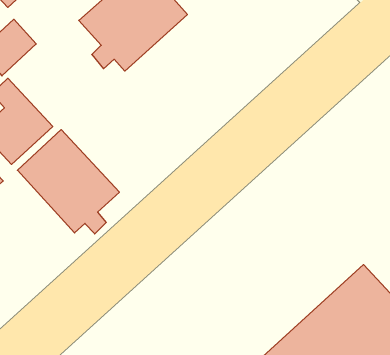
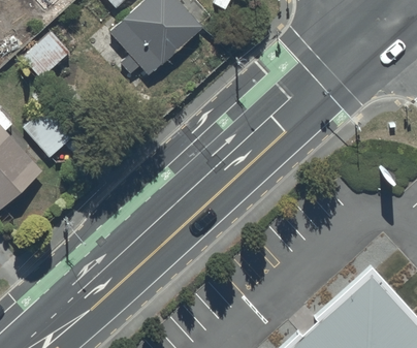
building: [17,130,119,234] -> none

